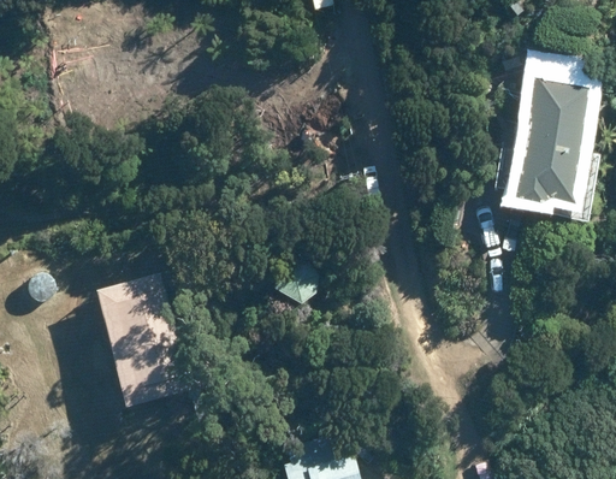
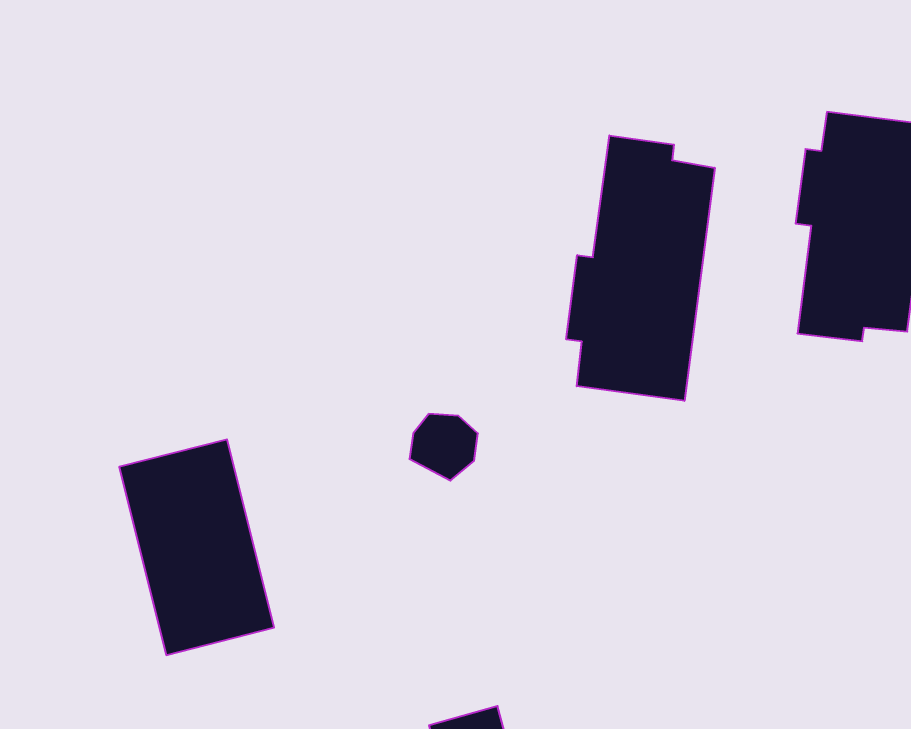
building: none -> [566,135,715,401]

